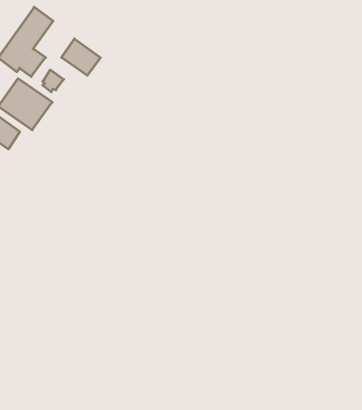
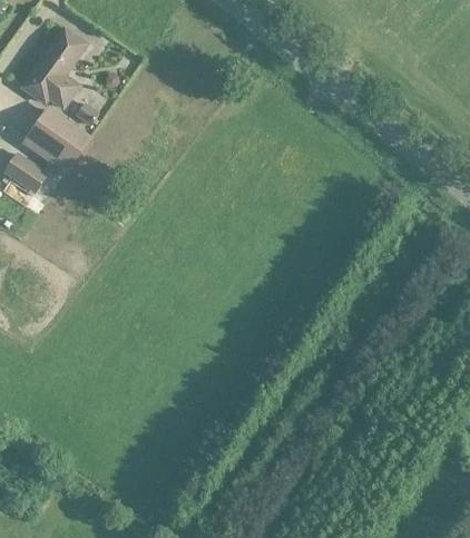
building: [62,39,100,75] -> none

